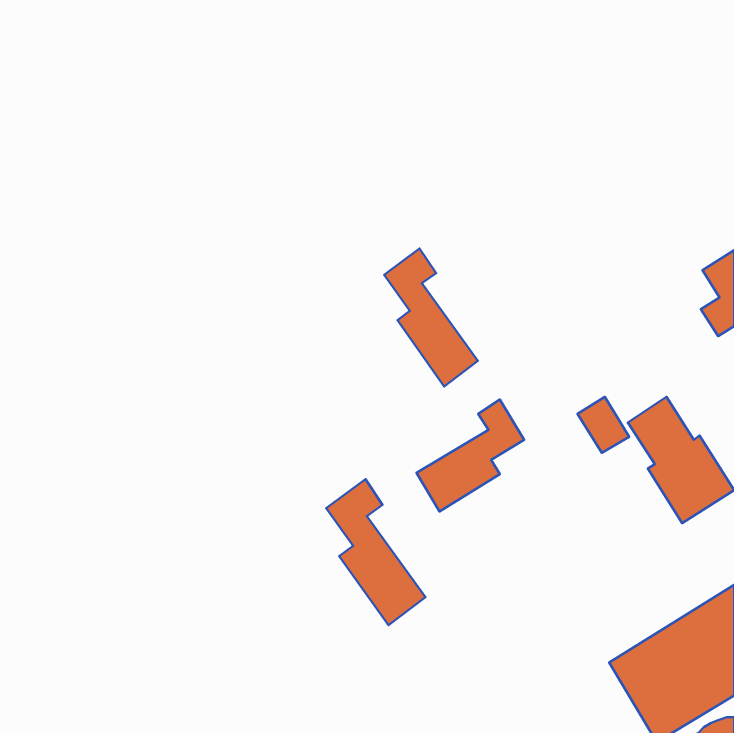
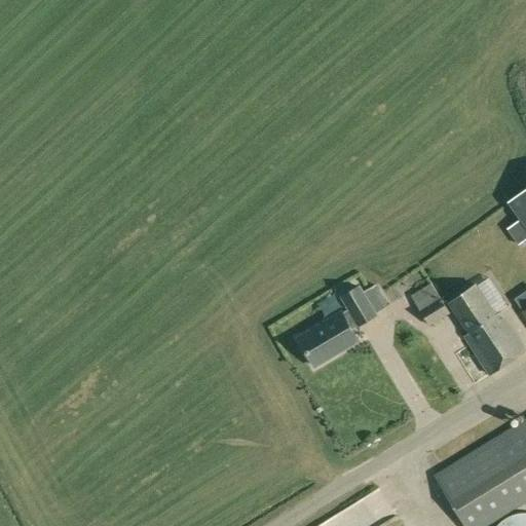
building: [384,248,478,387] -> none
building: [326,479,426,625] -> none

